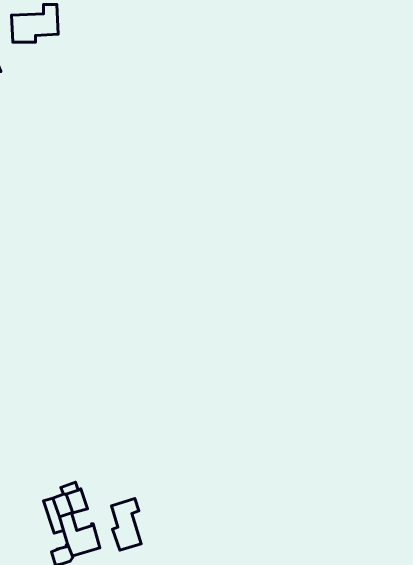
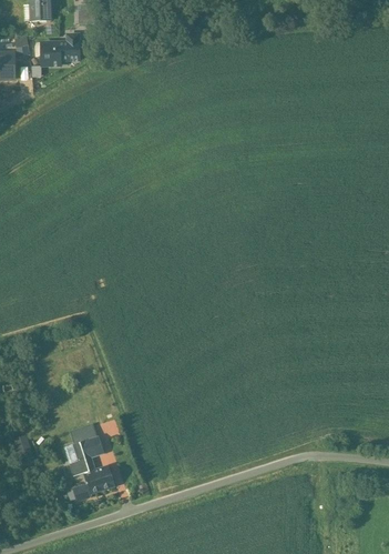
building: [111,499,141,550] -> none

